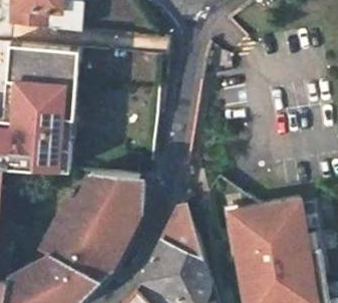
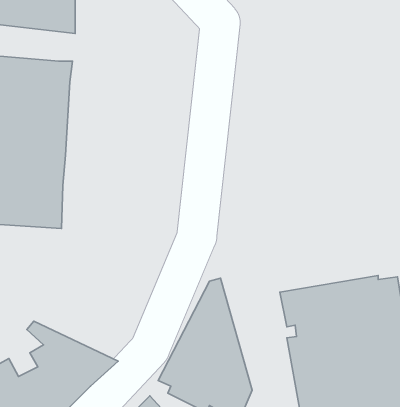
building: [49,173,140,266] -> none

